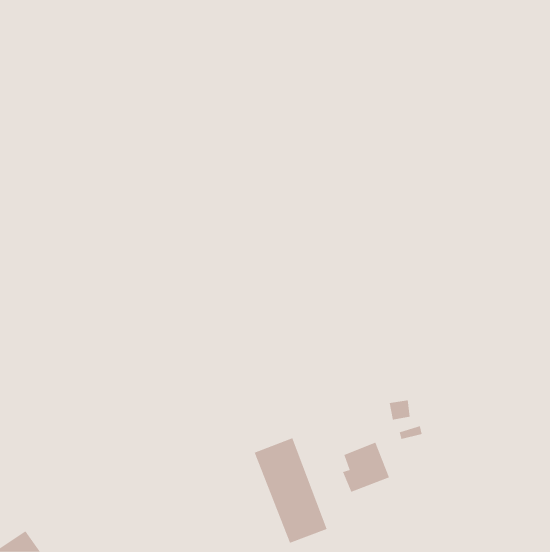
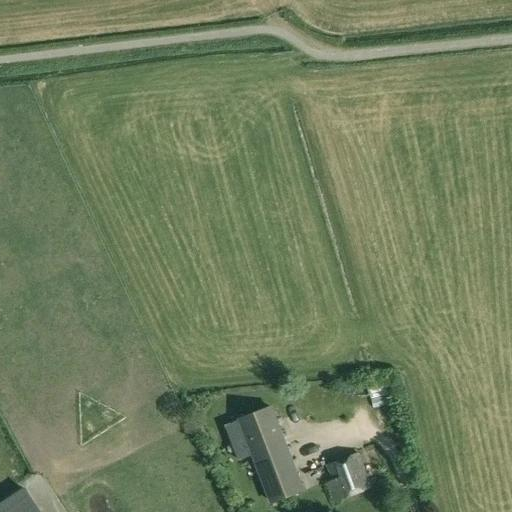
building: [342,442,390,493] -> [325,454,369,501]

